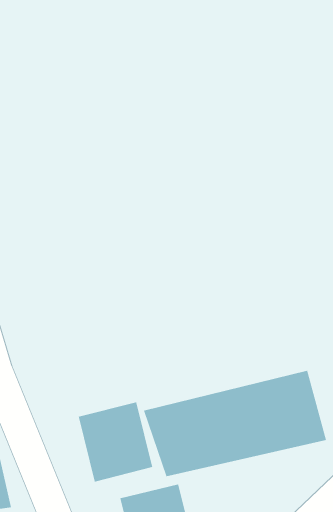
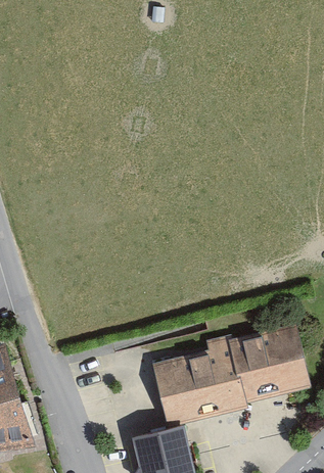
building: [78,401,153,482] -> none

